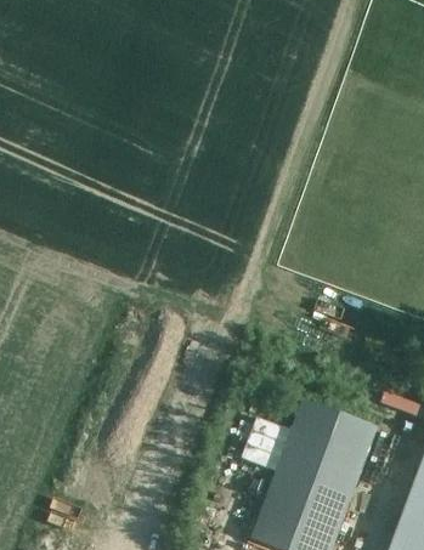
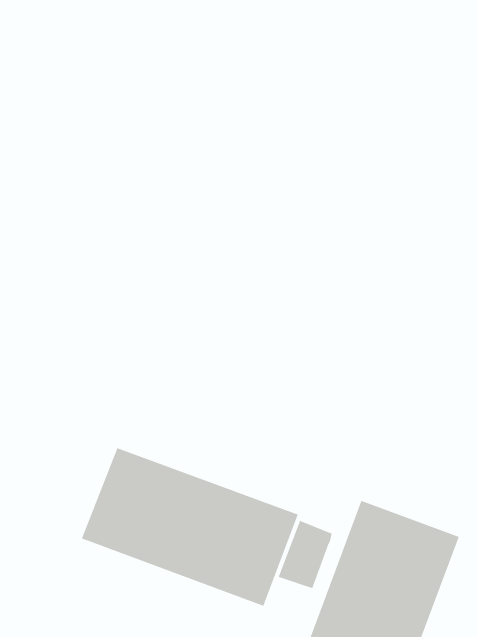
building: none -> [81,447,299,607]

